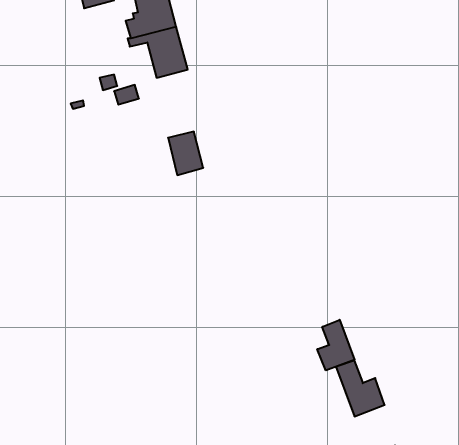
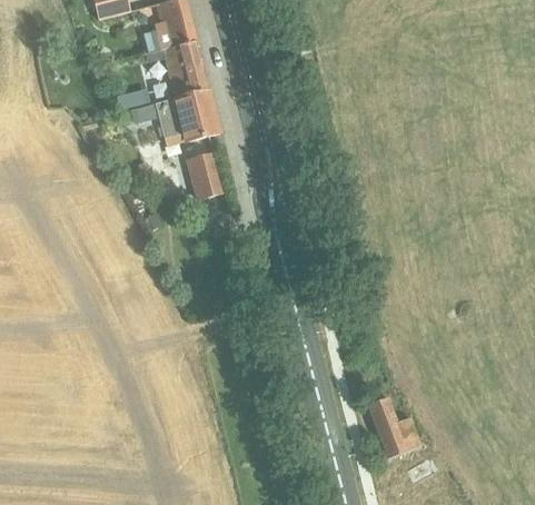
building: none -> [156,86,222,142]
building: [317,320,355,370] -> none

